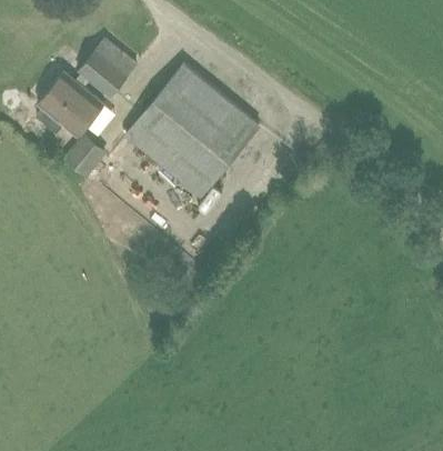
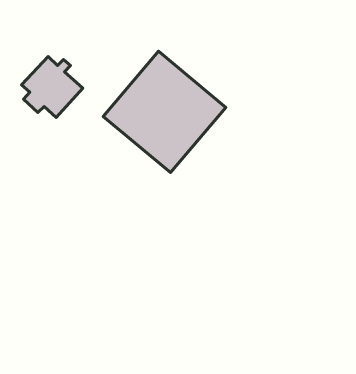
building: [79,39,138,98] -> none
building: [66,133,110,179] -> none

